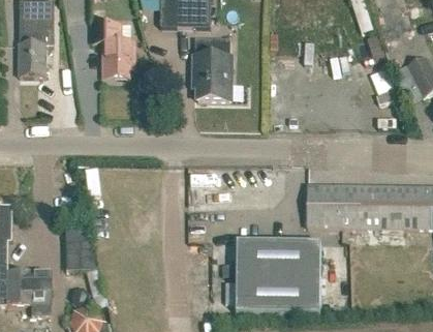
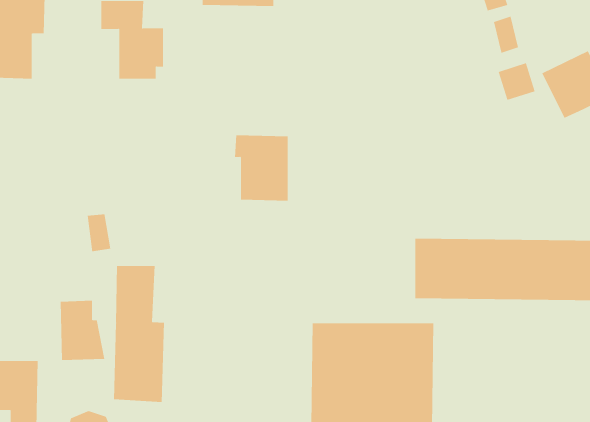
building: [194,55,231,100] -> [234,135,288,201]
building: none -> [114,265,164,403]

